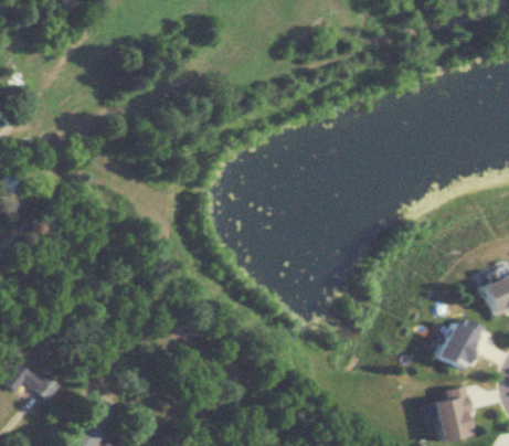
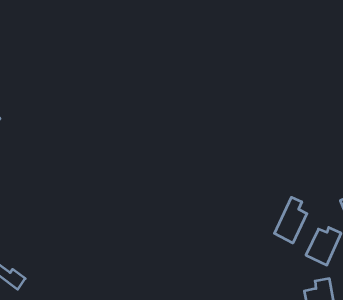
building: none -> [274,197,307,243]

